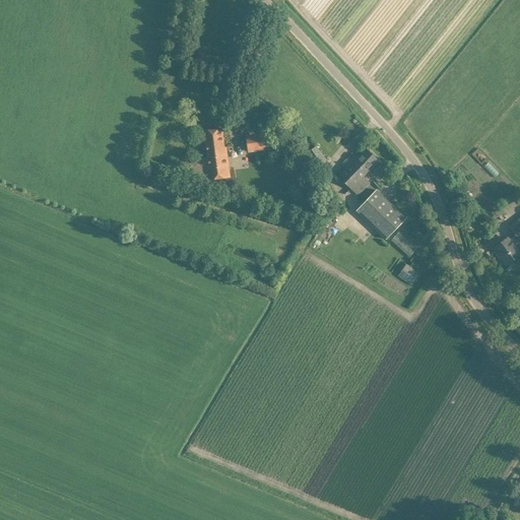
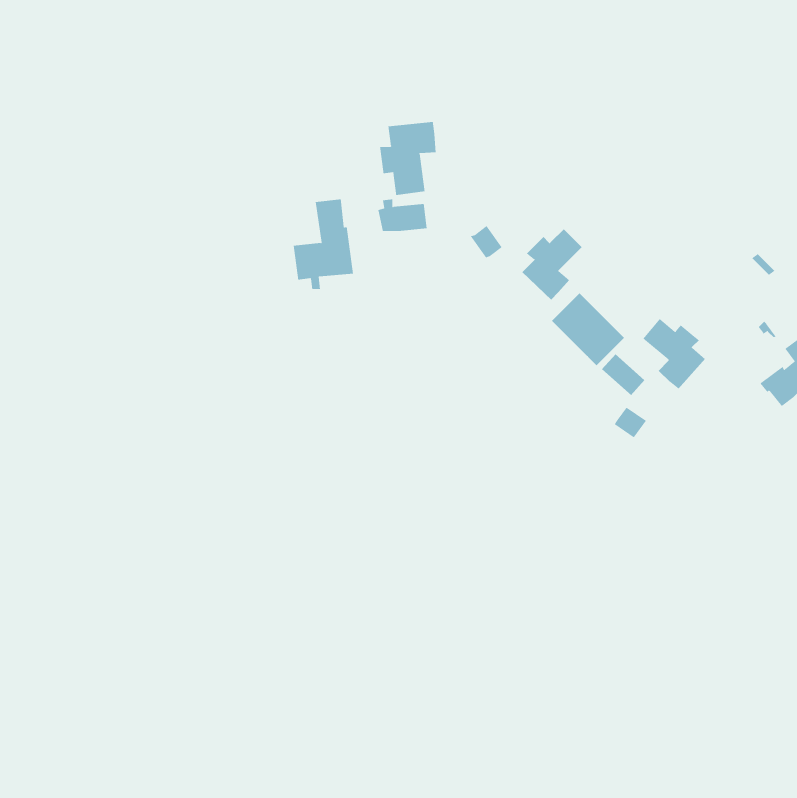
building: none -> [379,121,436,196]
building: none -> [643,318,706,390]

